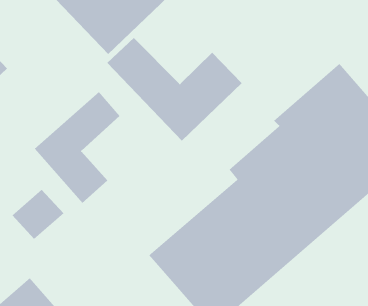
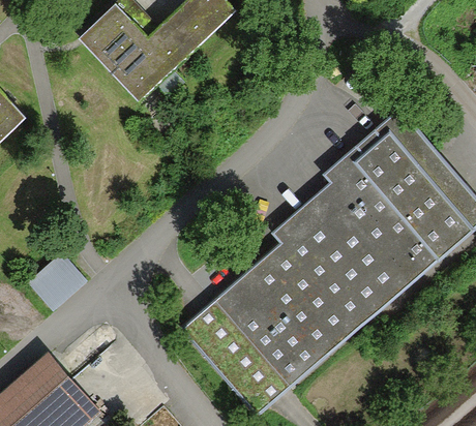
building: [107,37,242,141] -> none
building: [34,91,121,204] -> none

